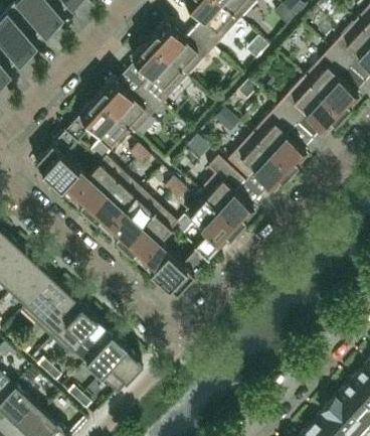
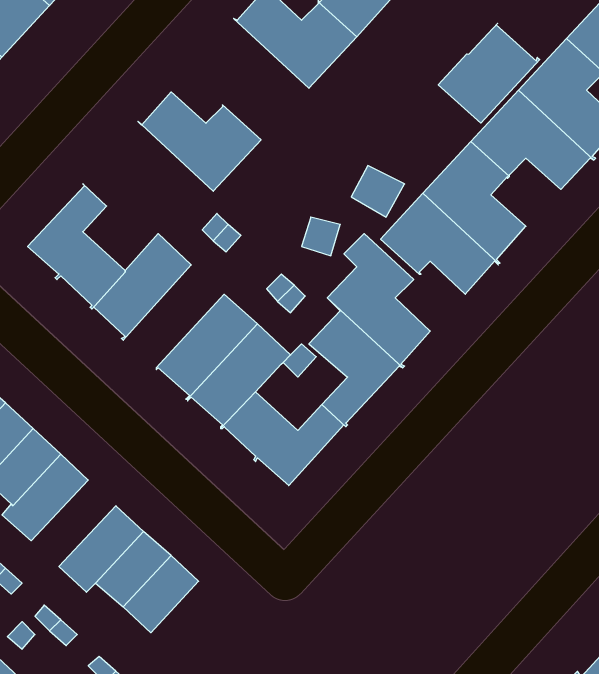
building: [132,38,188,105] -> none
building: none -> [438,23,540,123]
building: [64,95,136,145] -> none
building: [86,173,142,230] -> none
building: [36,291,82,338] -> none
building: [102,346,143,390] -> none

